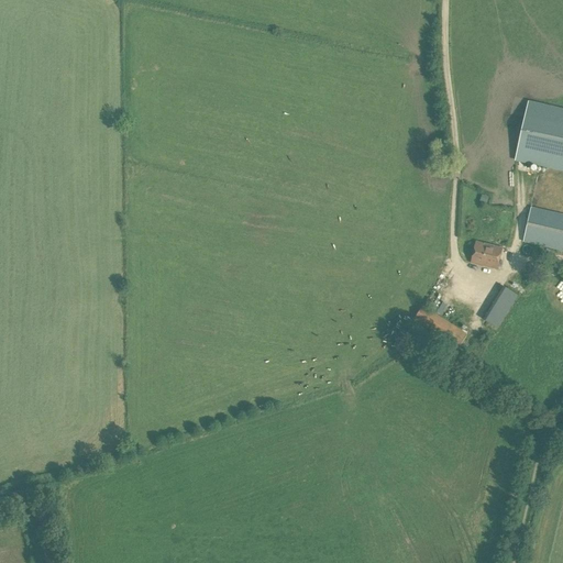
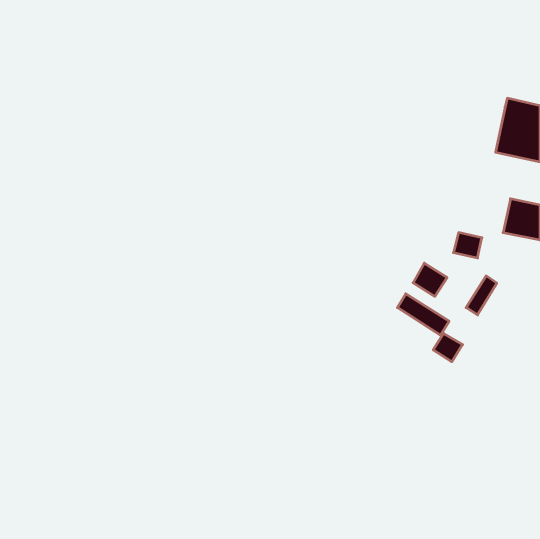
building: none -> [413,263,447,296]
building: none -> [433,333,463,362]

